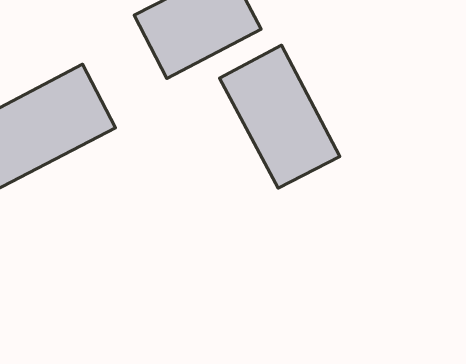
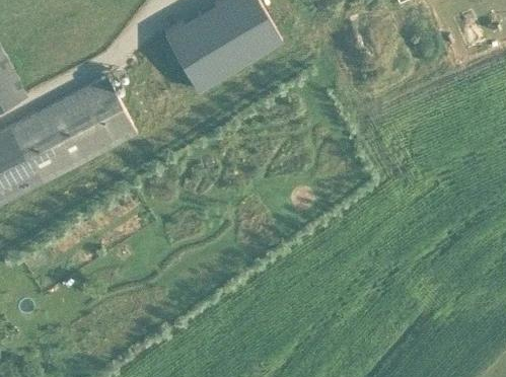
building: [220,45,340,188] -> none

